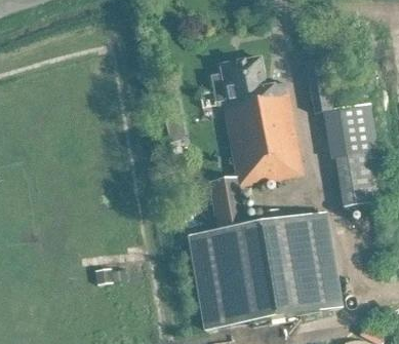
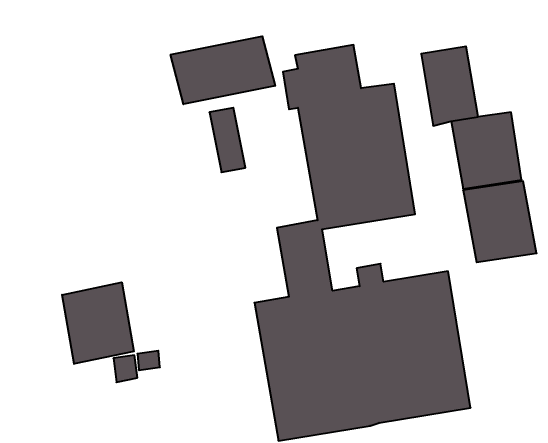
building: none -> [171,36,275,104]
building: none -> [62,282,134,364]

